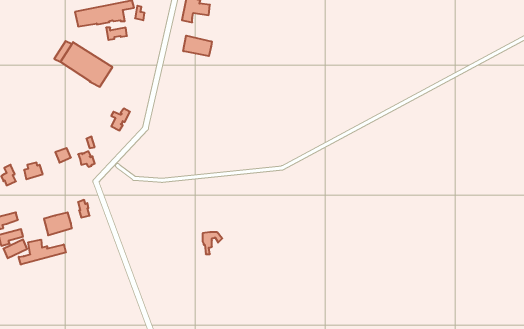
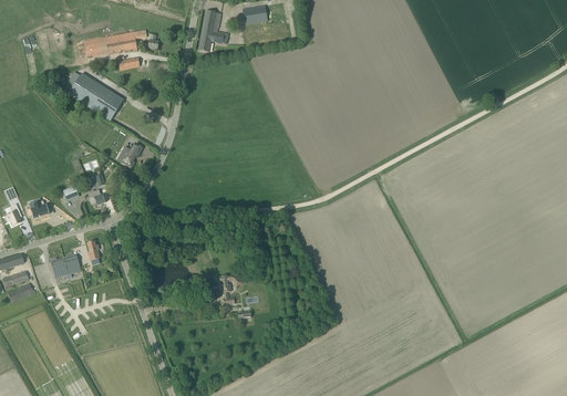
building: [183,36,212,56] -> none
building: [19,240,66,265] -> none

